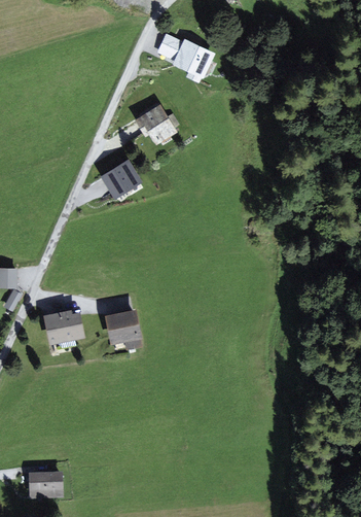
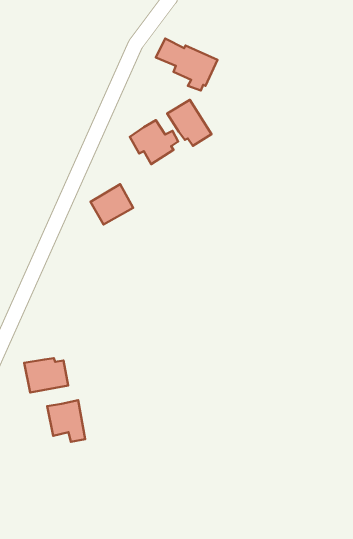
building: none -> [167,100,212,146]
building: [106,311,139,347] -> [47,400,85,442]

